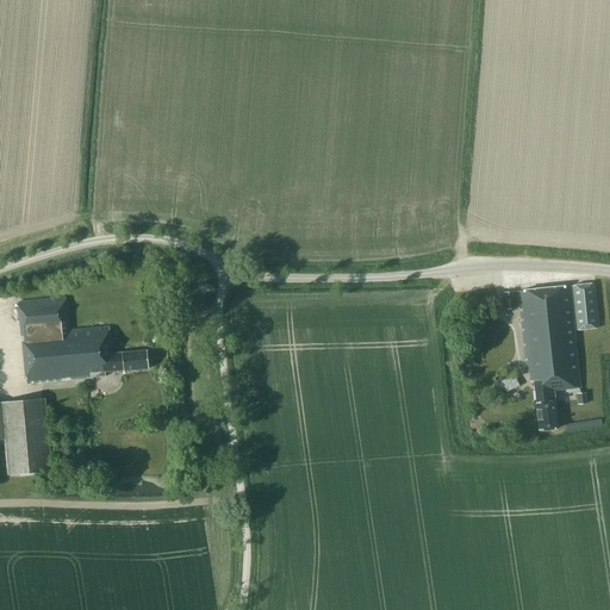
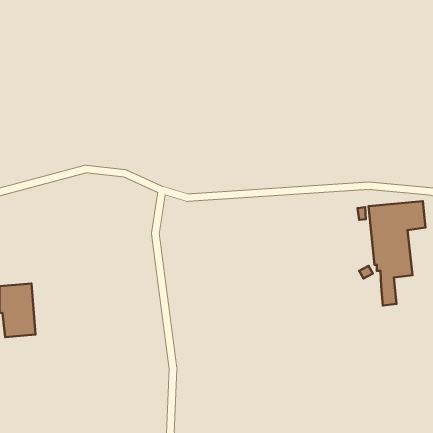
building: [18,297,148,382] -> none

